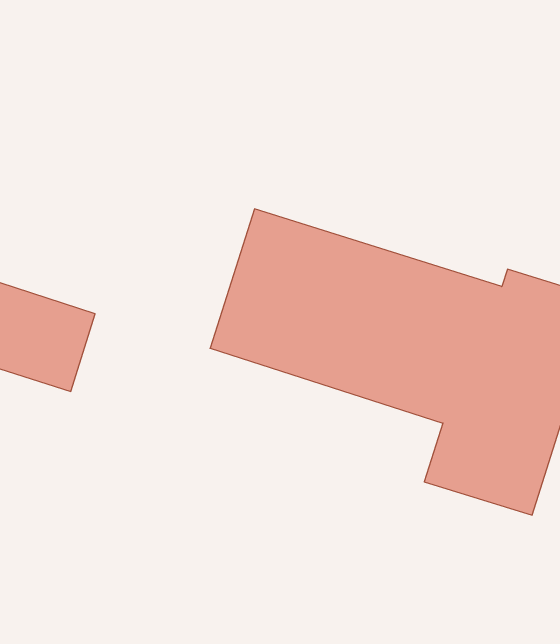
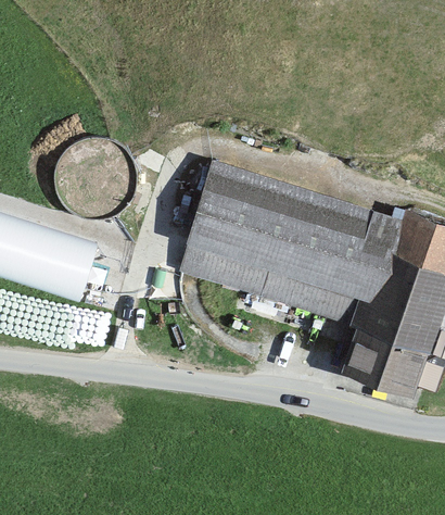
building: none -> [51,139,137,221]

